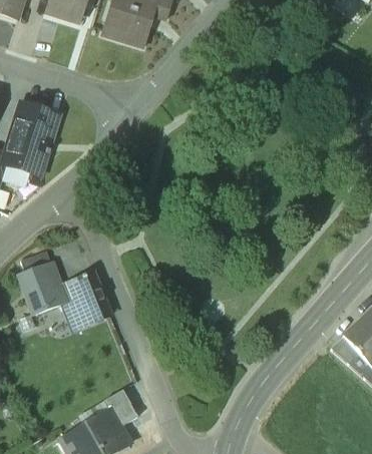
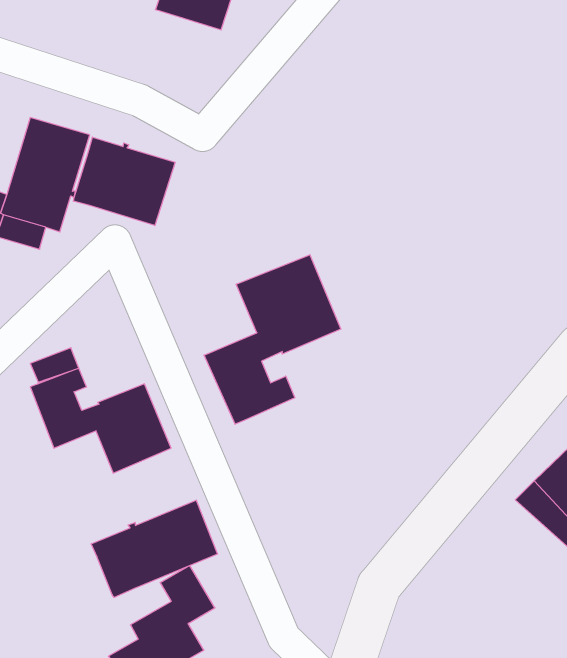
building: none -> [73,137,175,226]
building: none -> [204,255,341,424]
building: none -> [91,500,217,597]

